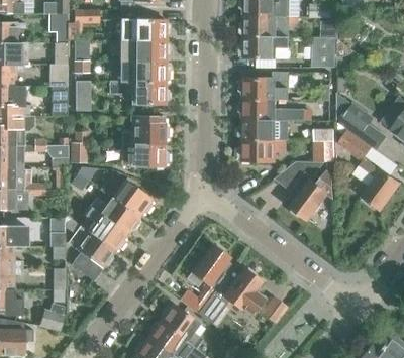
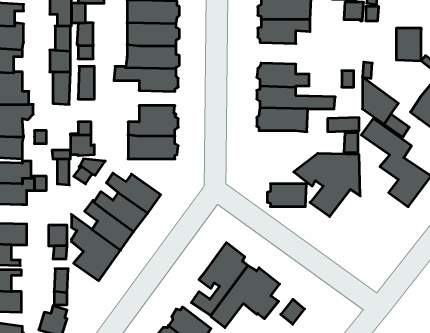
building: [313,37,336,68] -> [396,28,421,61]
building: [239,140,276,161] -> [267,184,306,207]

